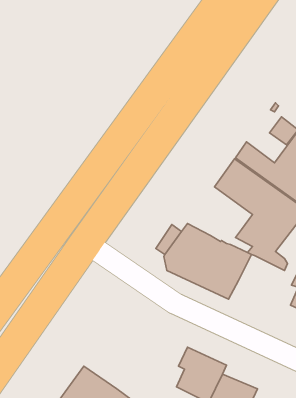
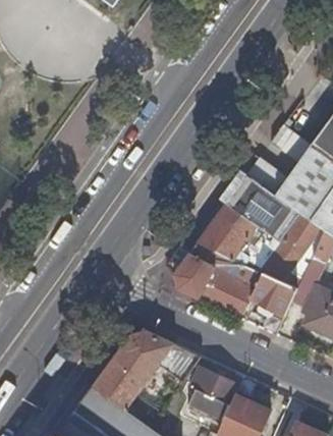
building: none -> [199,204,265,263]
building: none -> [251,273,297,334]
building: none -> [93,331,201,411]

